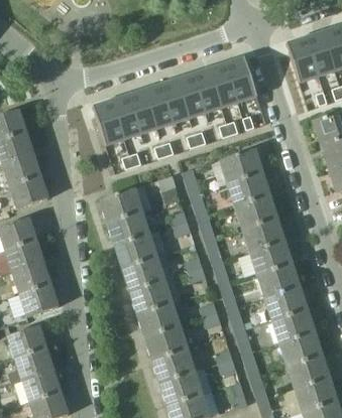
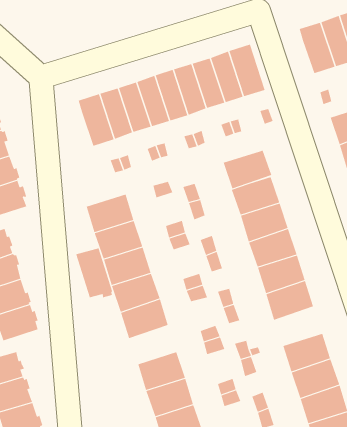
building: none -> [75,247,113,298]
building: [264,285,308,319] -> none
building: [137,301,180,335] -> none

